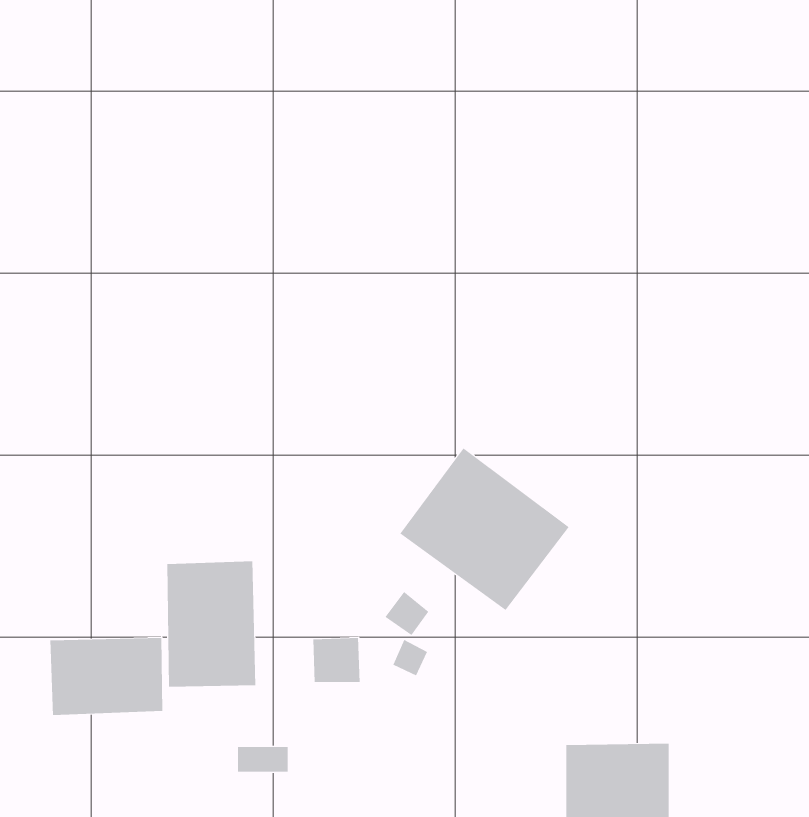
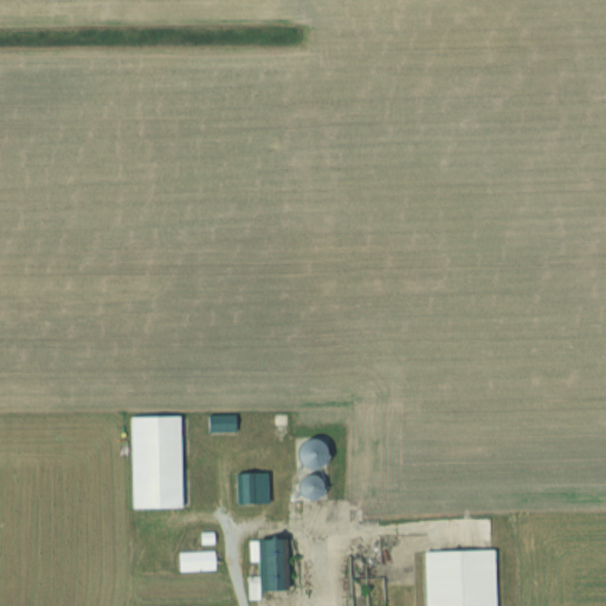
building: [400,447,570,611] -> none
building: [50,637,163,716] -> none
building: none -> [258,540,285,592]

